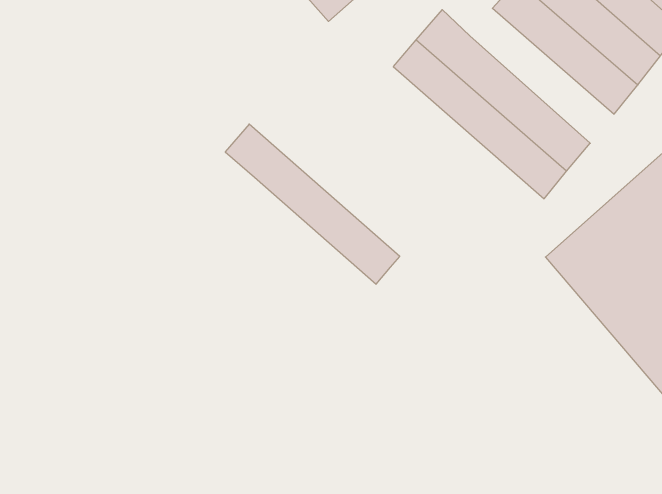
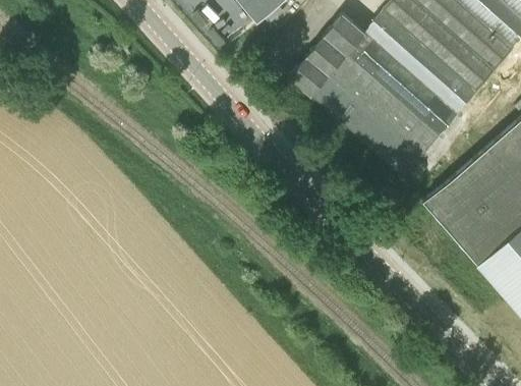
building: none -> [365,11,476,115]
building: [225,124,400,284] -> [288,56,422,179]

